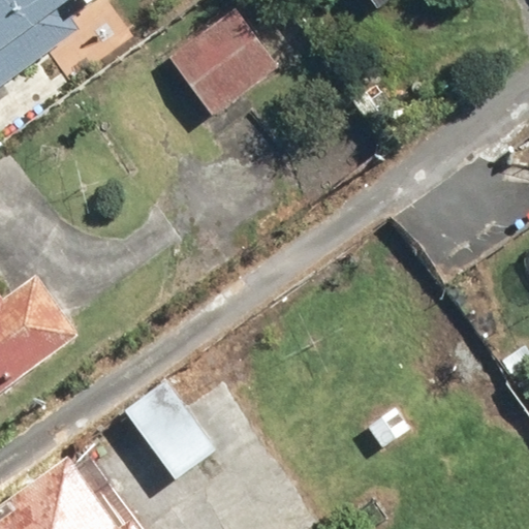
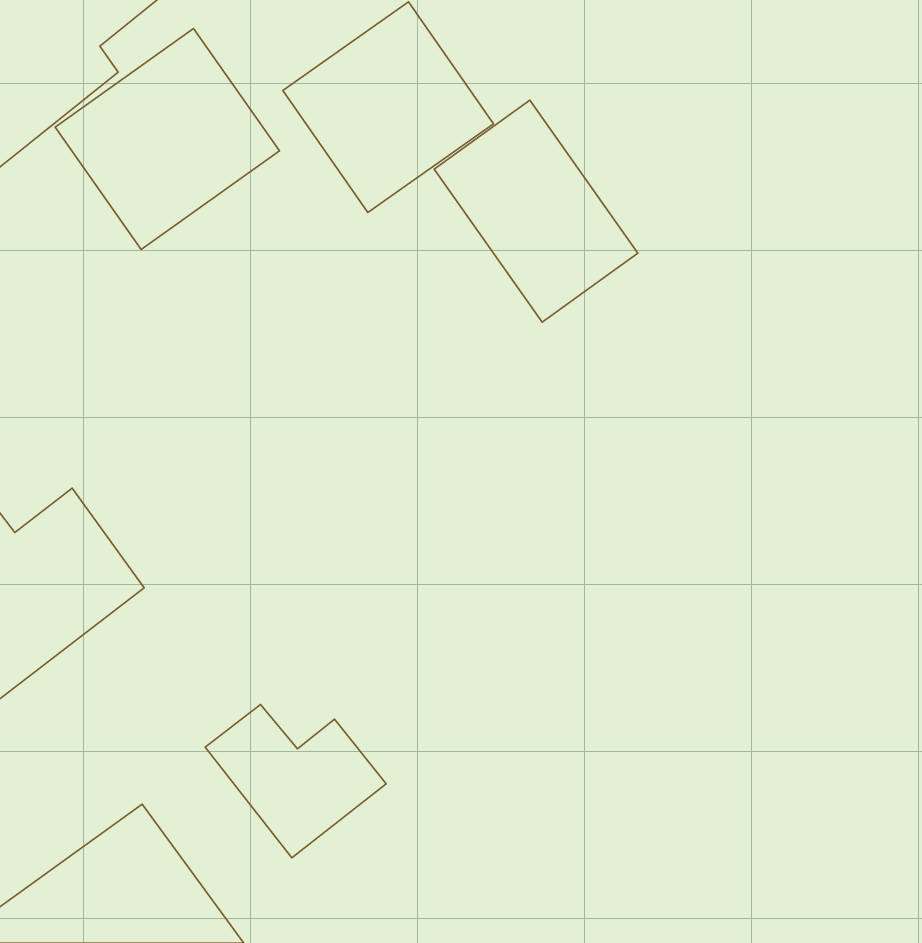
building: none -> [55,29,279,249]
building: none -> [434,100,638,322]

